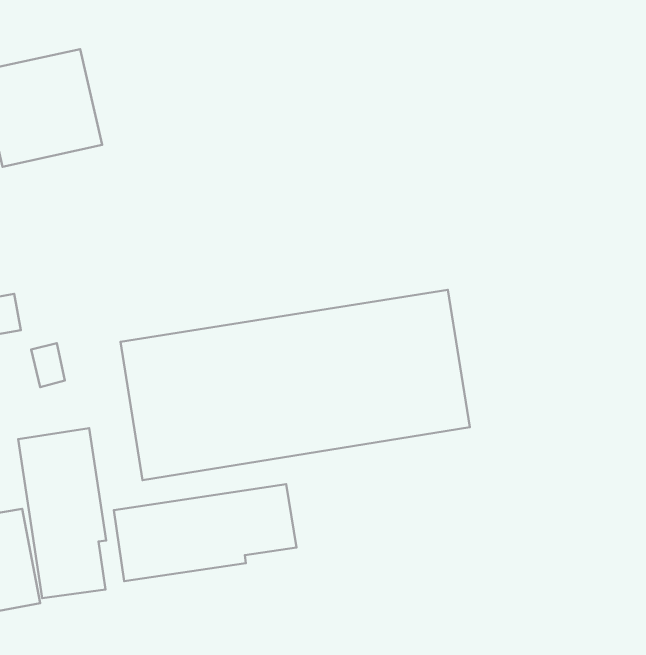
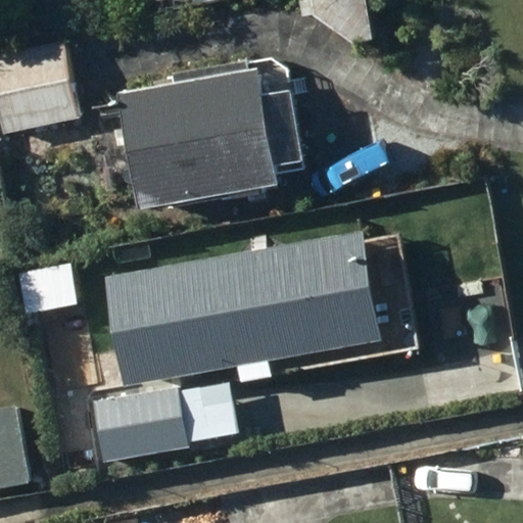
building: none -> [127,61,310,207]
building: [18,428,106,598] -> none

